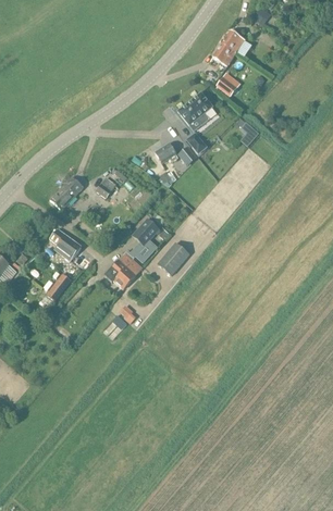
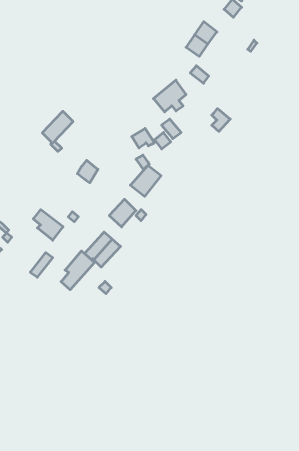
building: [50,176,83,219] -> [42,111,73,151]
building: [157,242,189,275] -> [130,166,161,196]
building: none -> [61,251,94,290]

